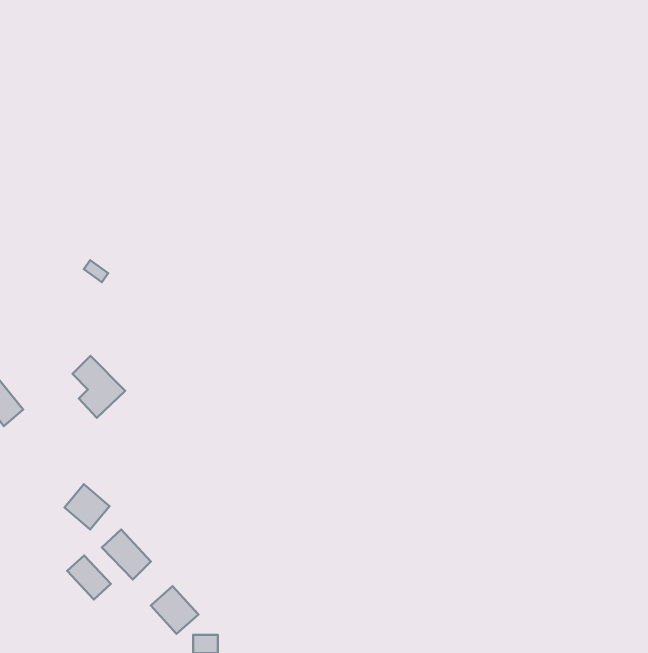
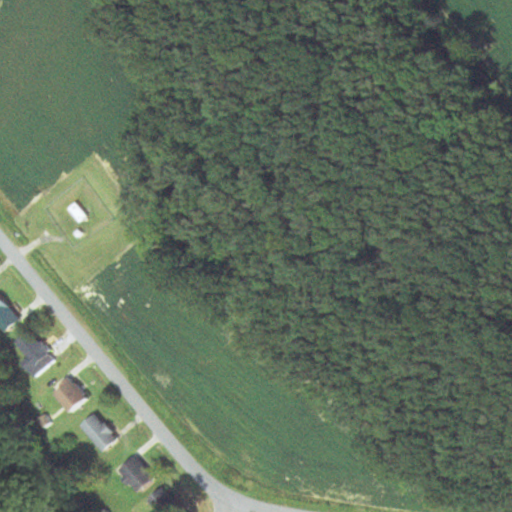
building: [72,356,125,418] -> [13,328,54,376]
building: [67,555,111,599] -> none

